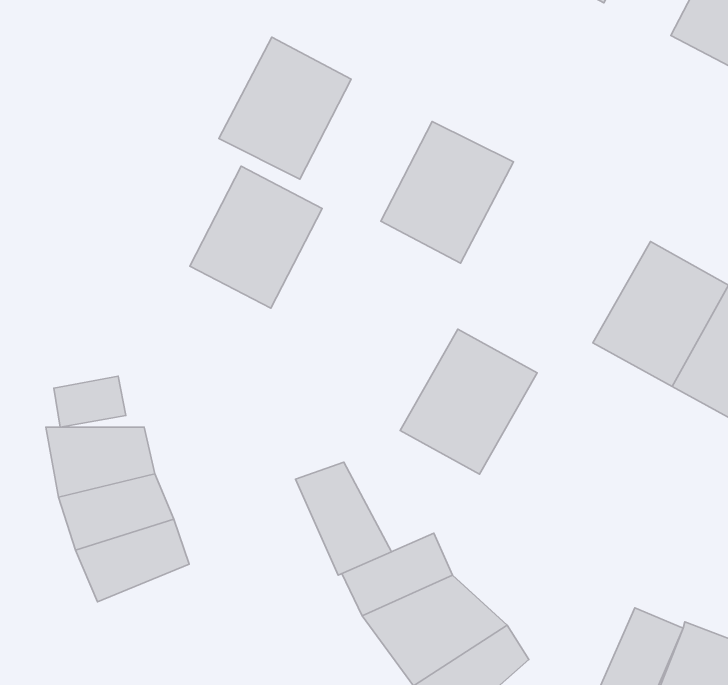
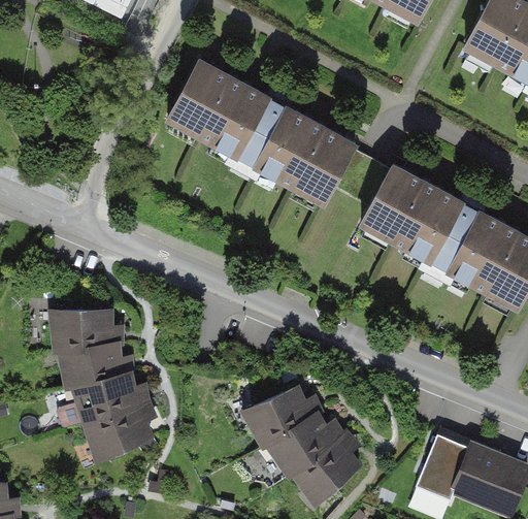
building: [190,166,322,308] -> [217,83,304,176]
building: [400,329,537,474] -> [358,161,449,257]
building: [54,376,126,427] -> none
building: [296,462,392,575] -> none
building: none -> [82,403,156,466]

